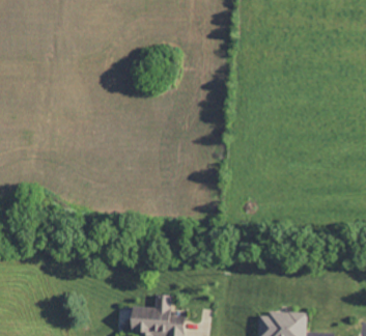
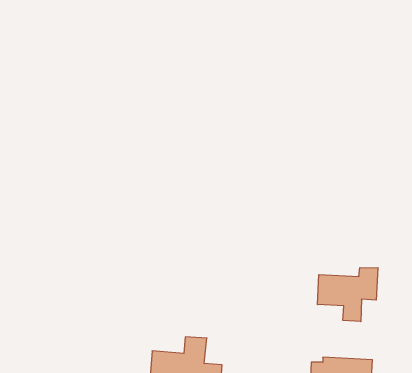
building: none -> [317,268,378,322]

